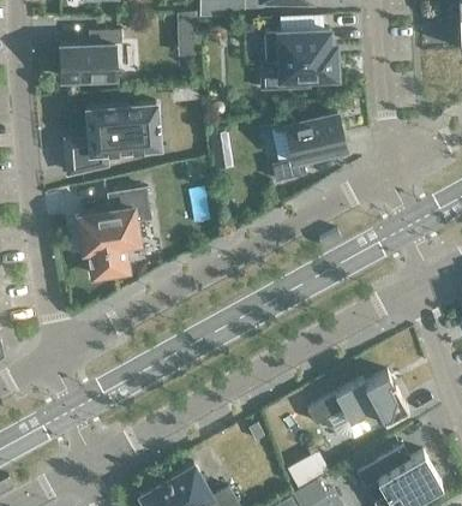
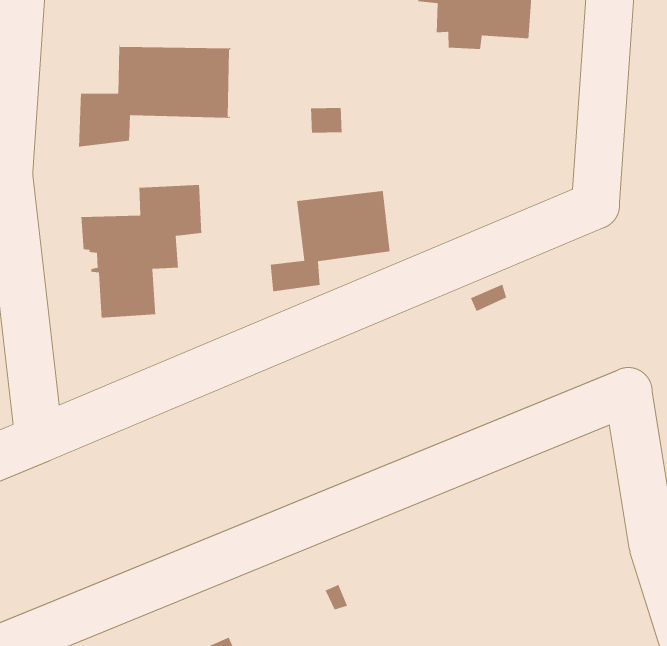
building: [271,113,344,183] -> [270,190,391,292]
building: [306,373,407,425] -> none

